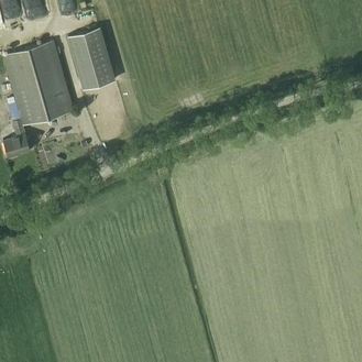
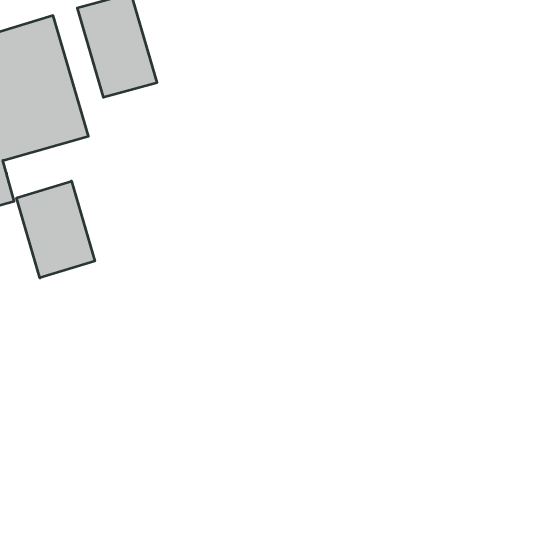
building: none -> [17,181,95,278]

